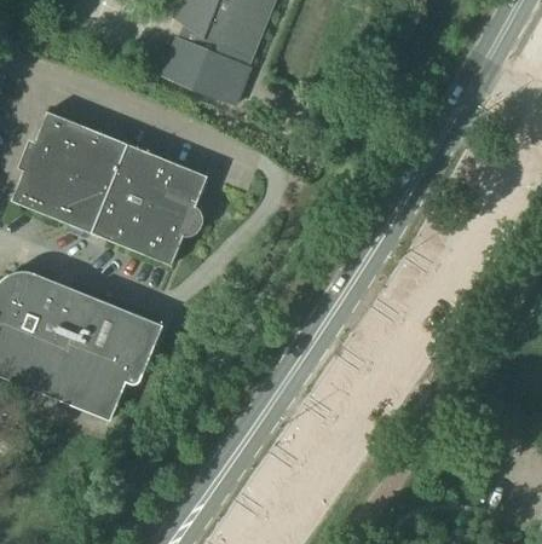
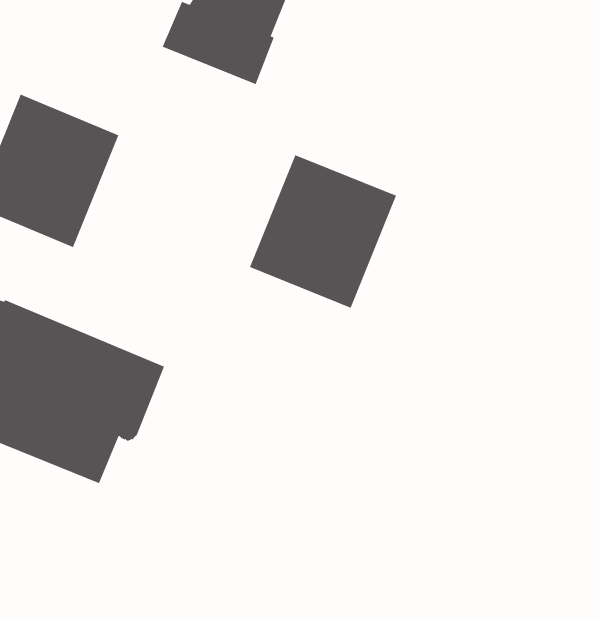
building: [90,143,207,265] -> [249,155,397,308]

